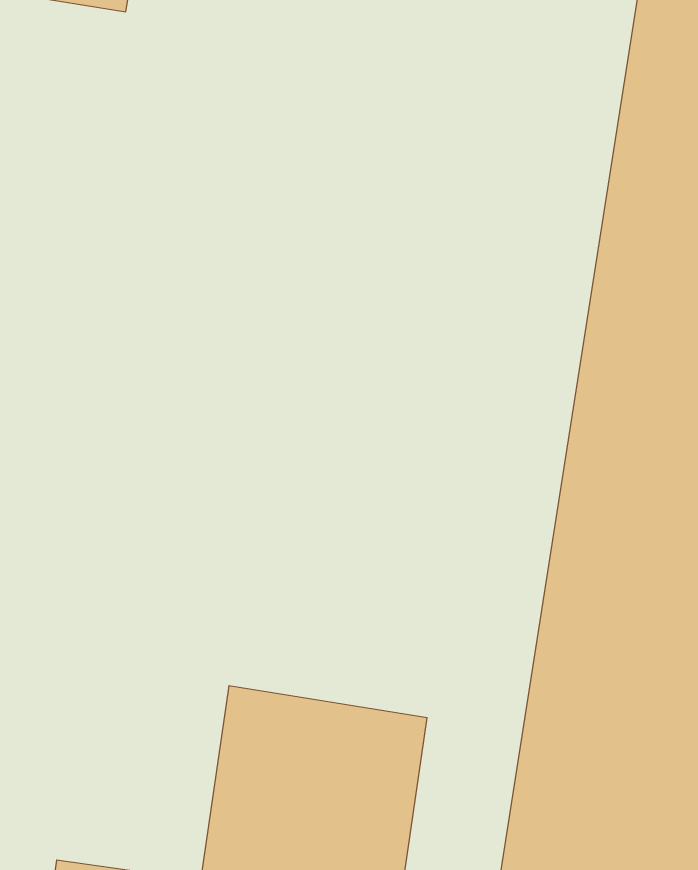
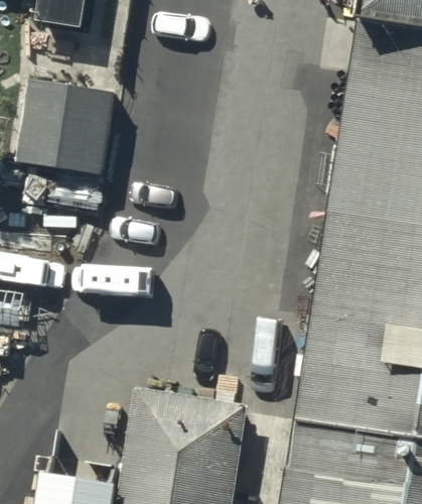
building: none -> [21,78,113,170]

